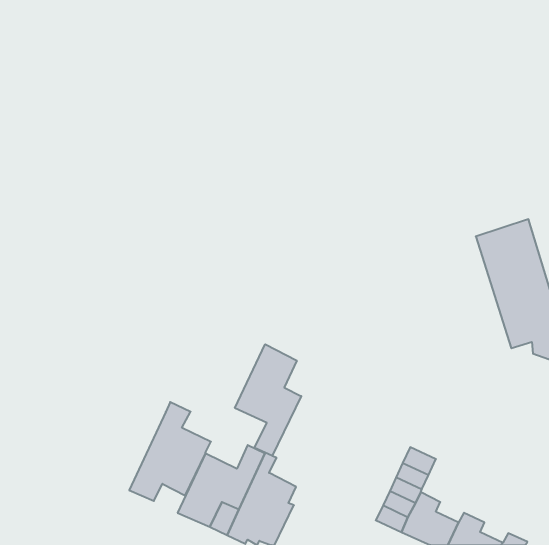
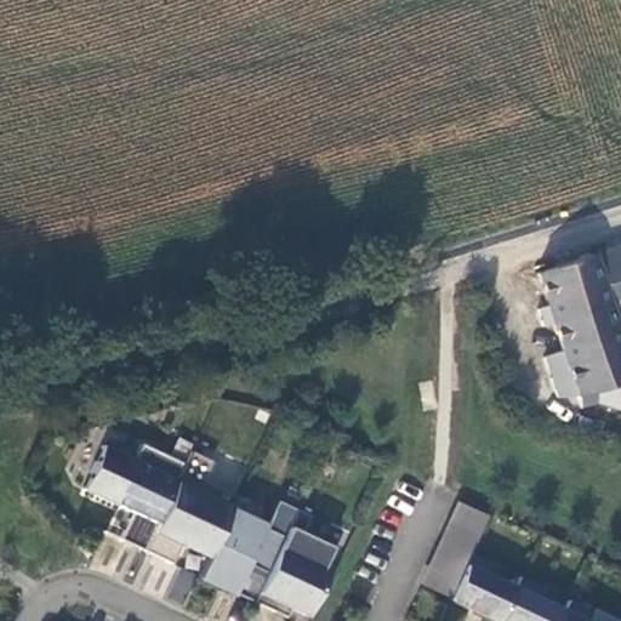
building: [235,344,301,456] -> none
building: none -> [86,445,188,553]

